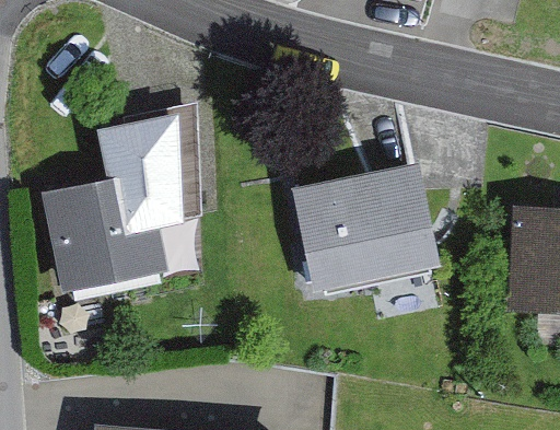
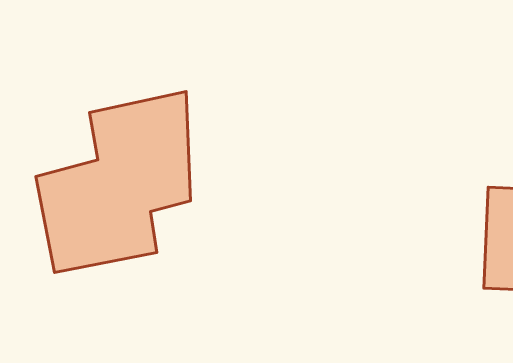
building: [292,163,442,302] -> none

